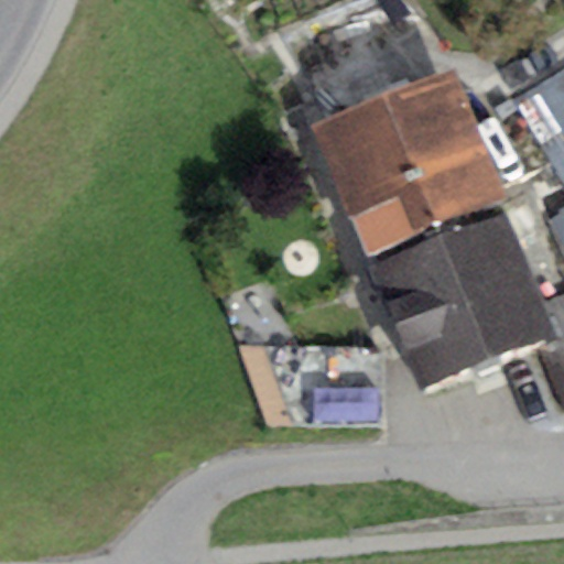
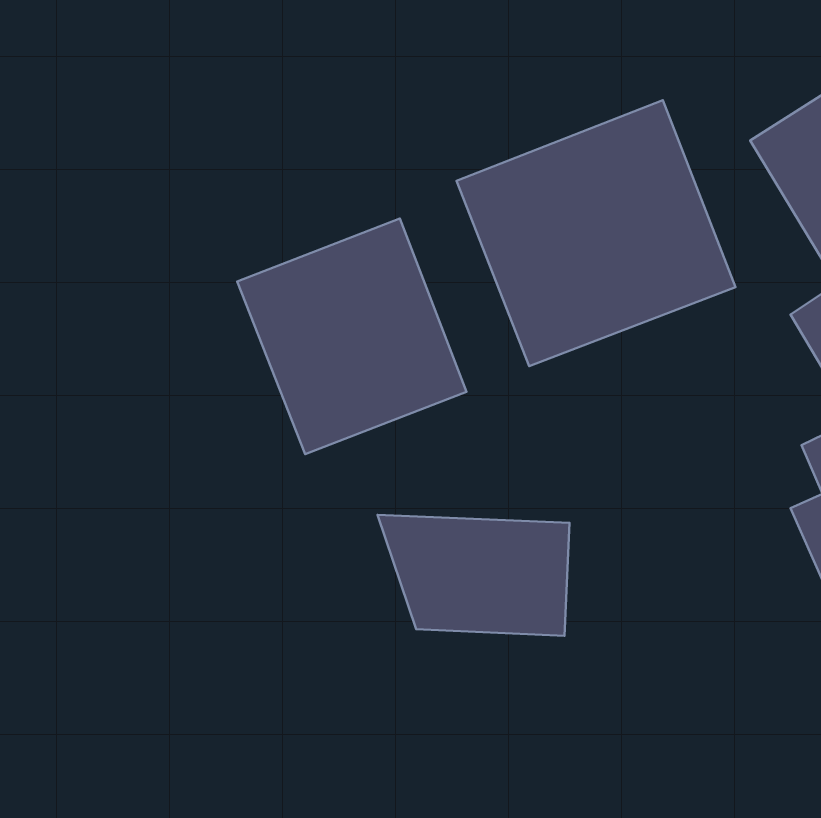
building: none -> [237,219,467,454]
building: [372,214,553,386] -> none

